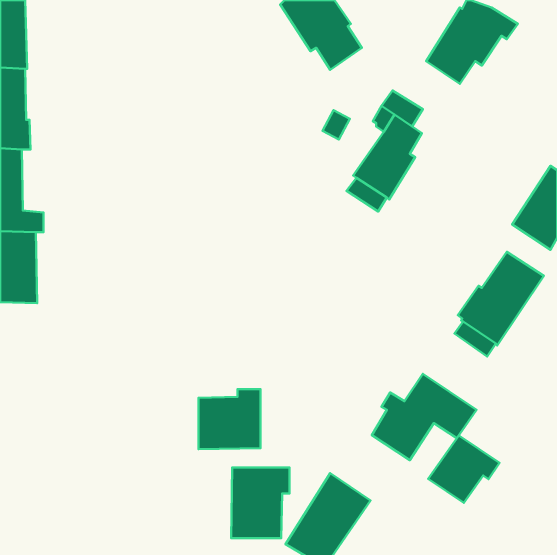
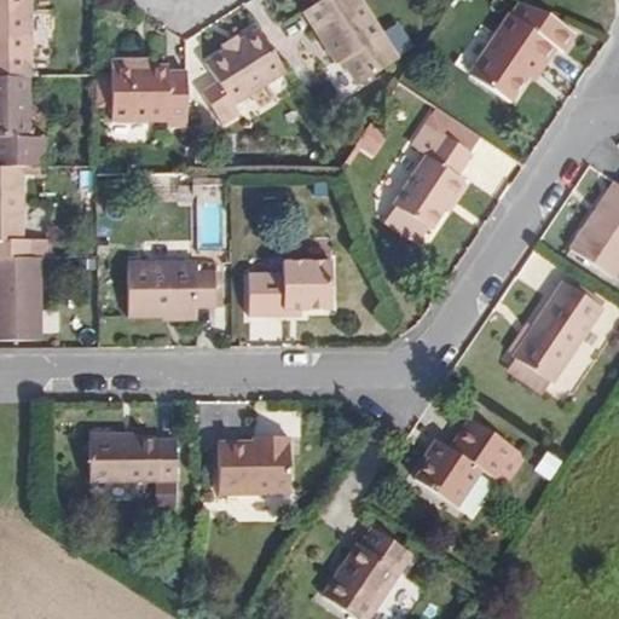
building: none -> [207,29,291,122]
building: none -> [110,59,185,126]
building: none -> [249,254,332,317]
building: none -> [131,260,215,317]
building: none -> [87,435,175,482]
building: [428,435,499,503] -> none
building: [231,467,290,538] -> none

